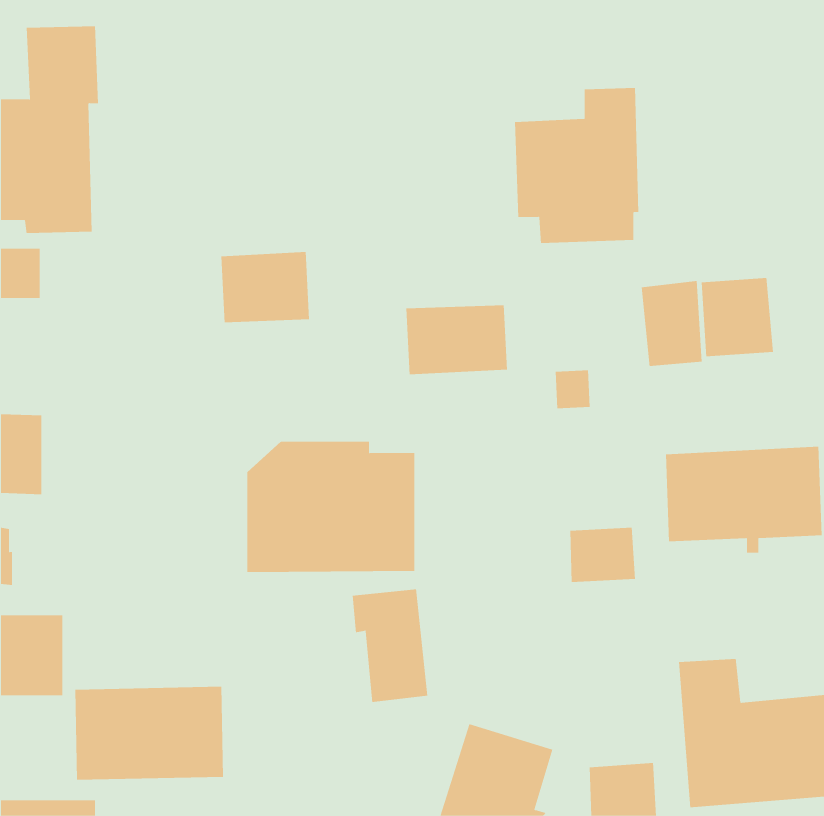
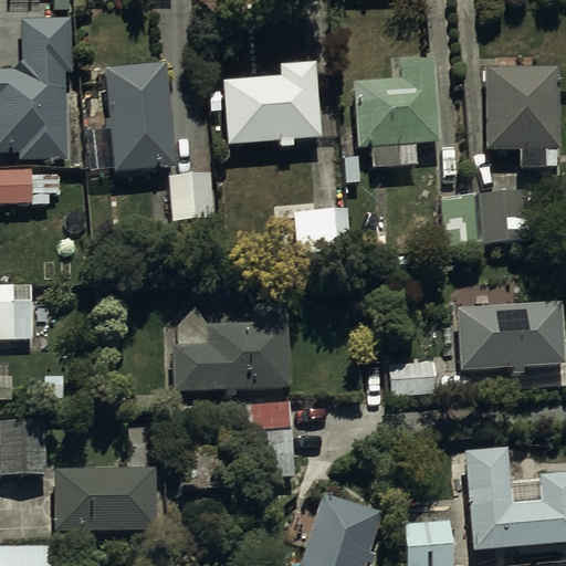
building: none -> [105,62,177,174]
building: none -> [223,64,321,149]
building: none -> [485,67,558,167]

